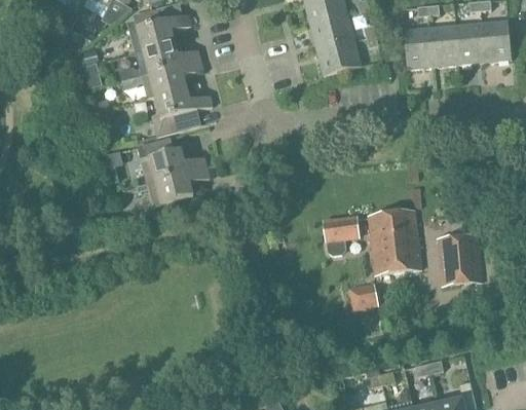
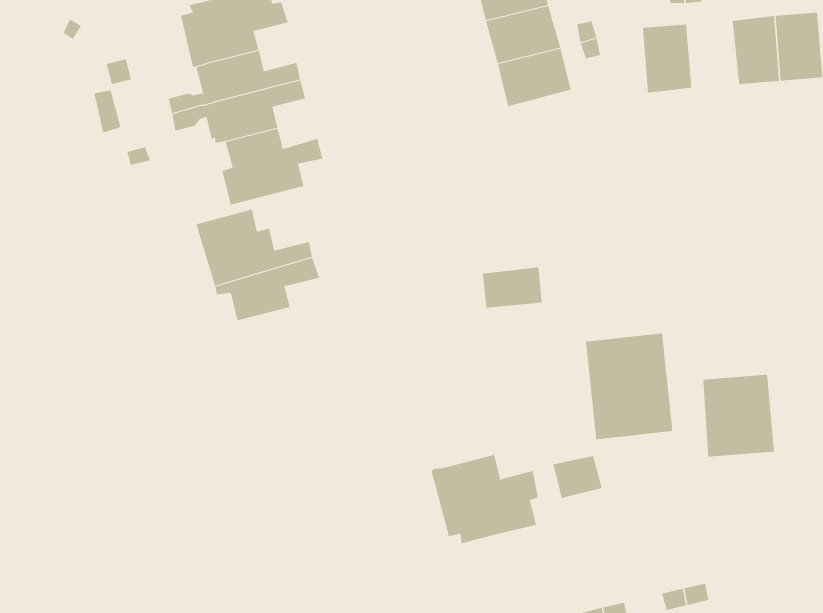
building: [429,24,460,64] -> none
building: [324,215,360,239] -> [482,267,542,308]
building: none -> [431,454,538,544]

